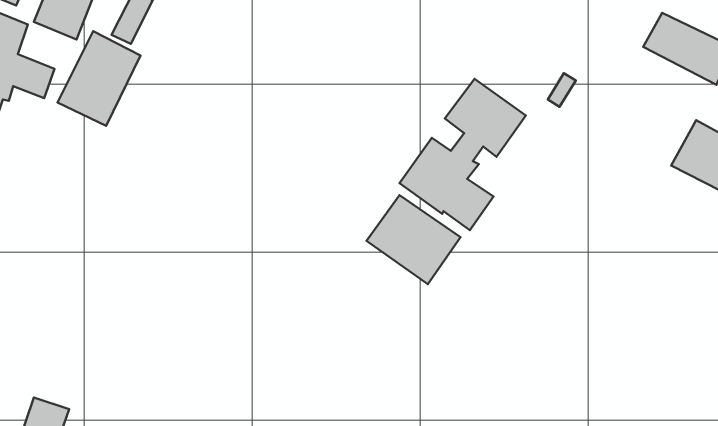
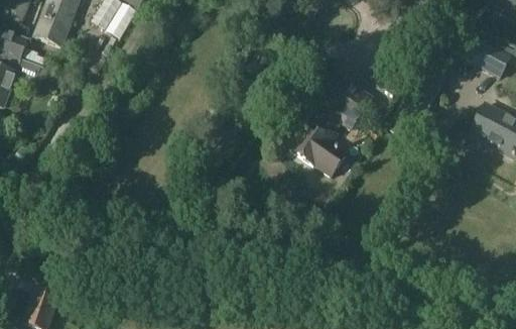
building: [58,31,140,126] -> none
building: [366,195,460,284] -> none

